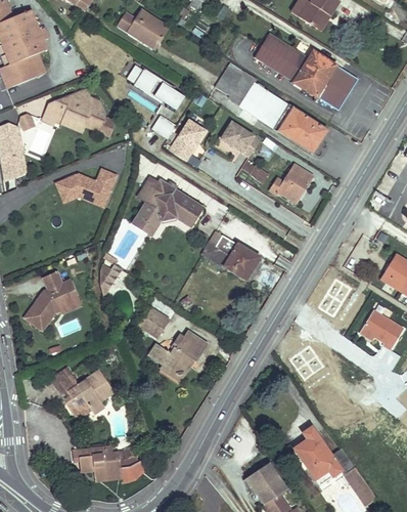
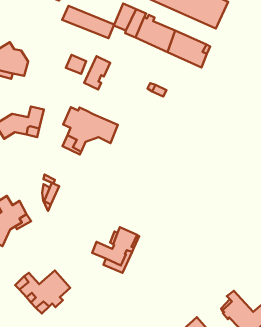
building: [124,65,185,111] -> [62,6,114,38]
building: [221,122,260,156] -> none
building: [269,163,313,202] -> none
building: [209,234,259,279] -> none
building: [137,305,170,337] -> none

